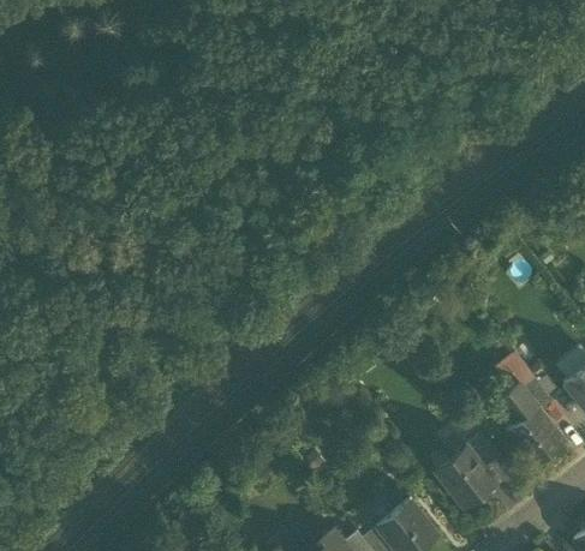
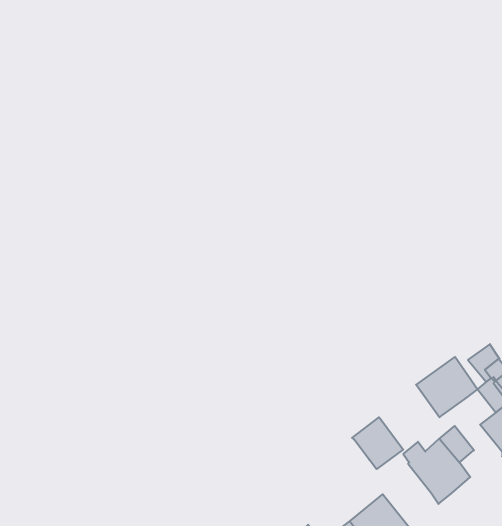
building: none -> [416,357,478,417]
building: none -> [352,417,403,469]

